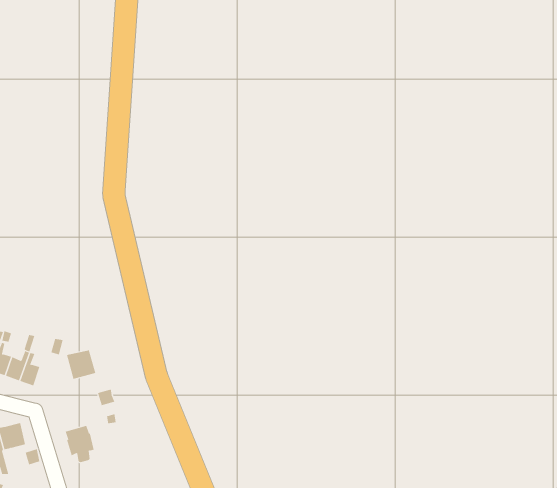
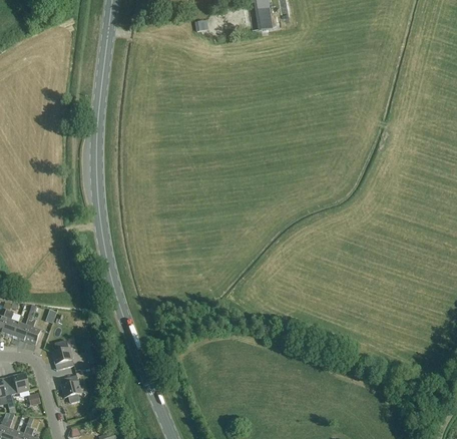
building: [66,350,96,380] -> [51,347,74,370]

